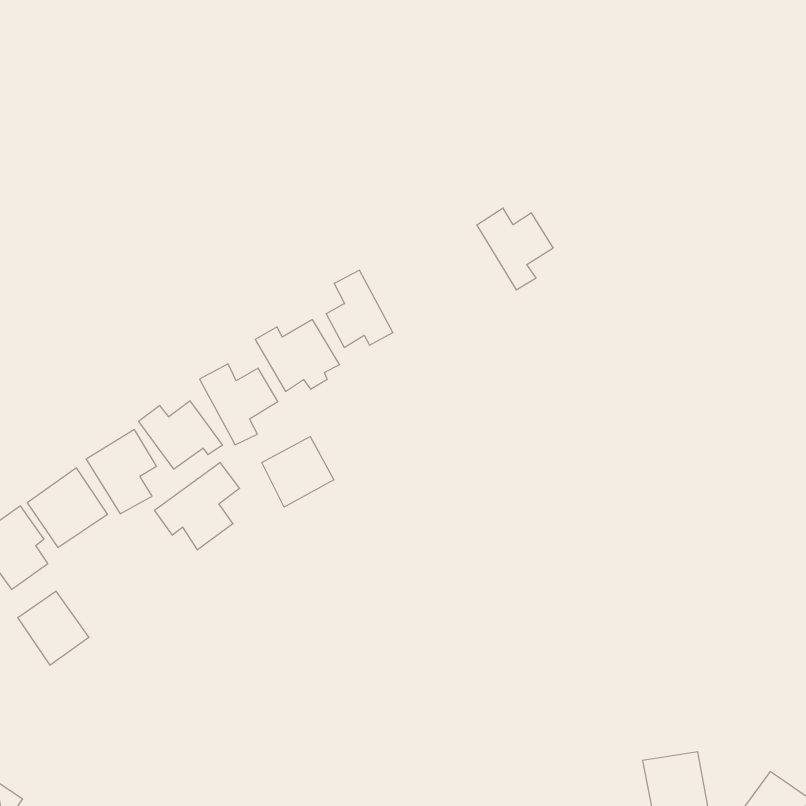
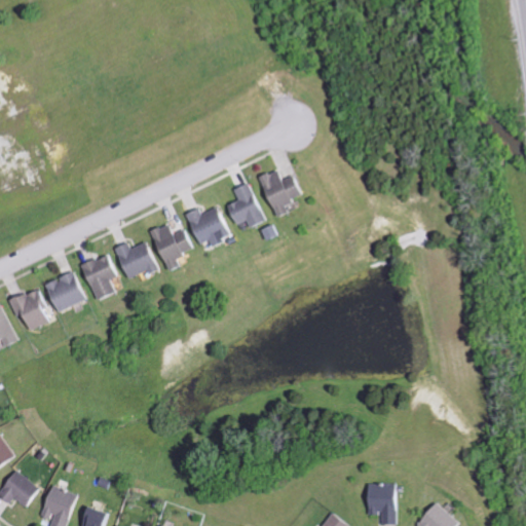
building: [477,208,553,290] -> [259,171,300,218]
building: [262,437,334,507] -> none
building: [155,462,240,550] -> none
building: [18,591,89,665] -> none

